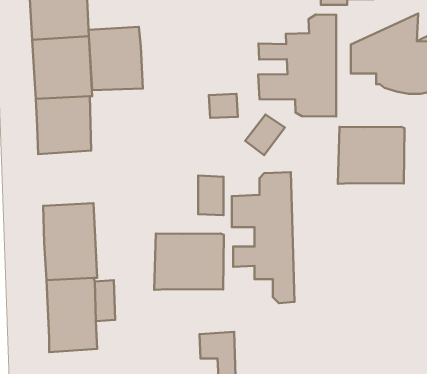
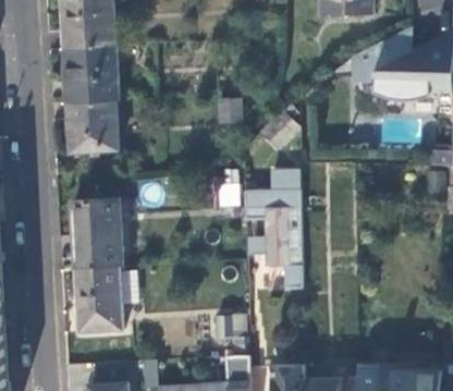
building: [258,14,336,117] -> none
building: [88,27,143,90] -> none
building: [338,127,405,184] -> none
building: [154,233,224,290] -> none

